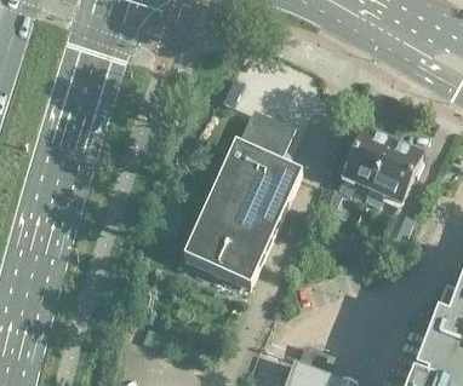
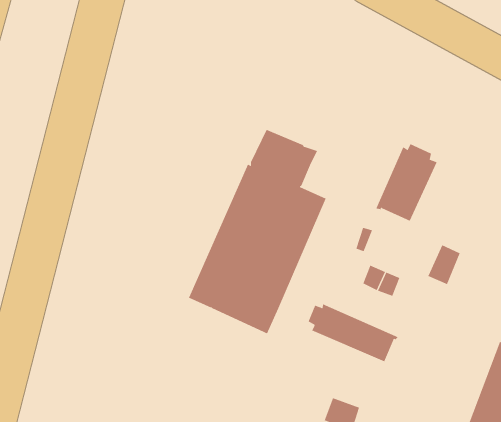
building: [366,144,422,203] -> none
building: none -> [308,304,398,362]

